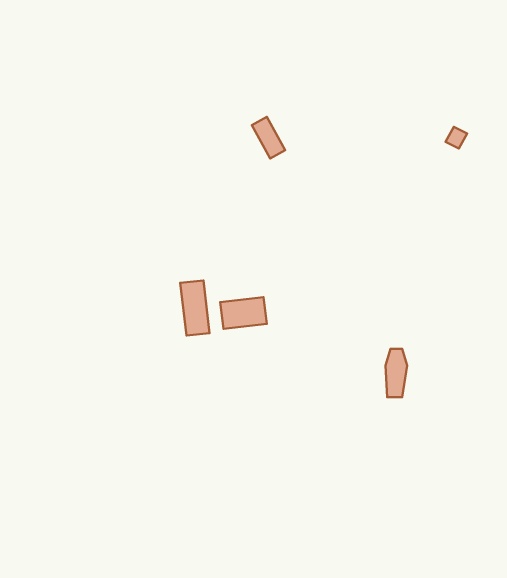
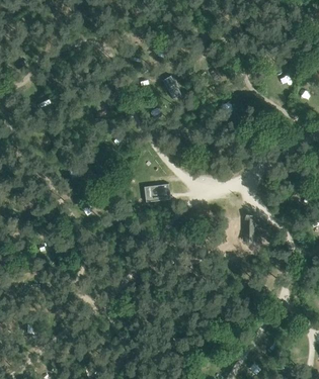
building: [180,281,210,336] -> none

